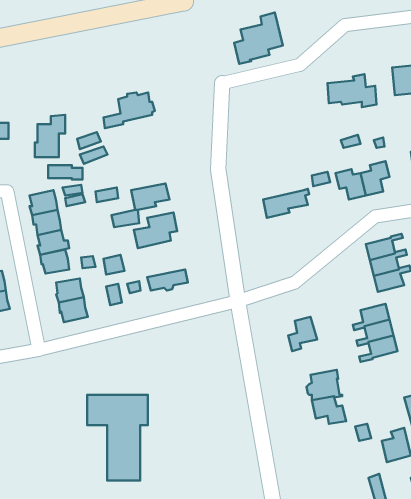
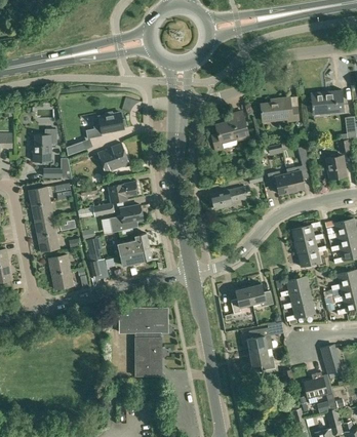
building: [234,12,283,64] -> [210,111,248,151]
building: none -> [97,143,129,171]
building: none -> [118,234,150,254]
building: none -> [247,282,273,307]
building: [87,395,148,481] -> [120,308,167,374]

